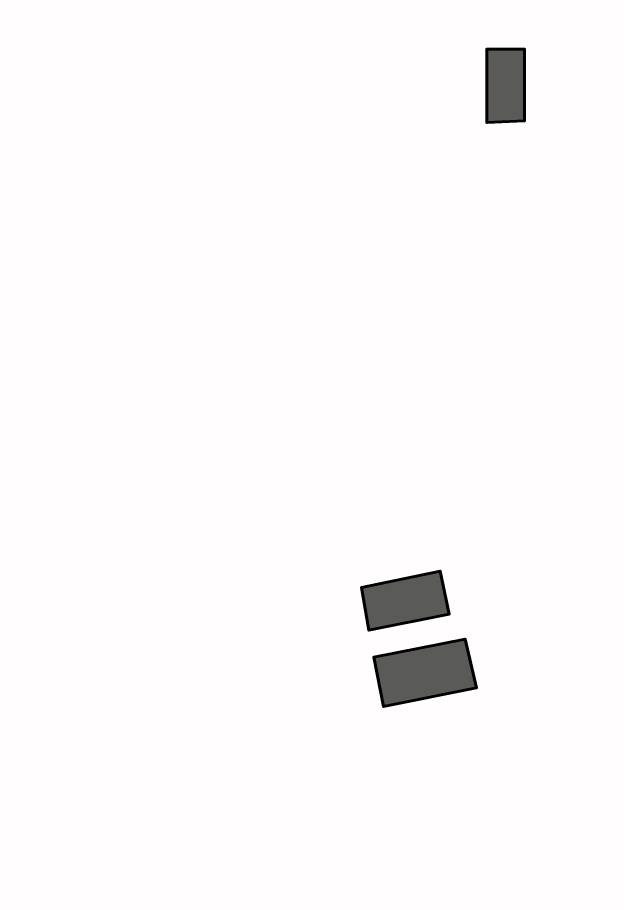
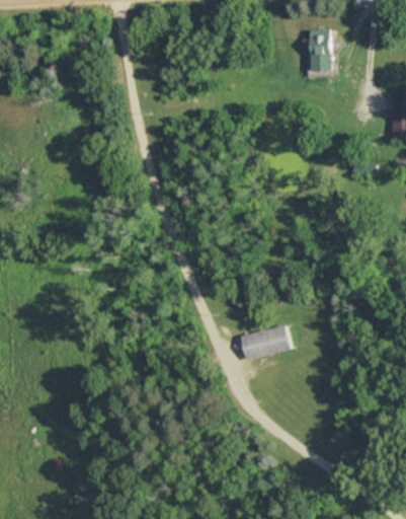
building: [374,639,477,707] -> none

